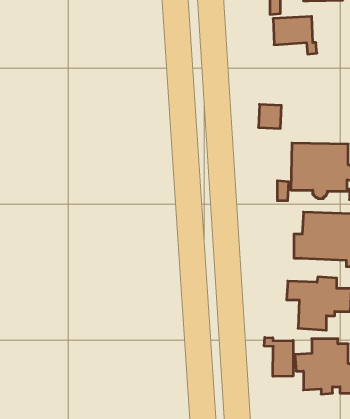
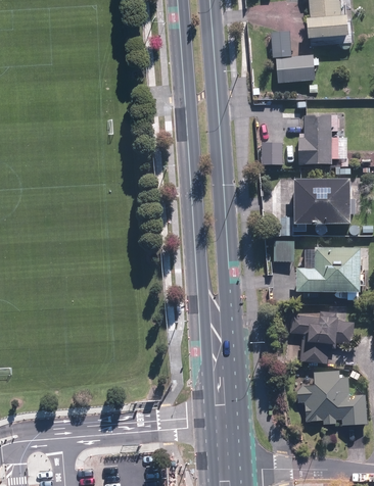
building: none -> [297,114,346,166]
building: none -> [274,240,295,261]
building: [264,337,293,376] -> none

